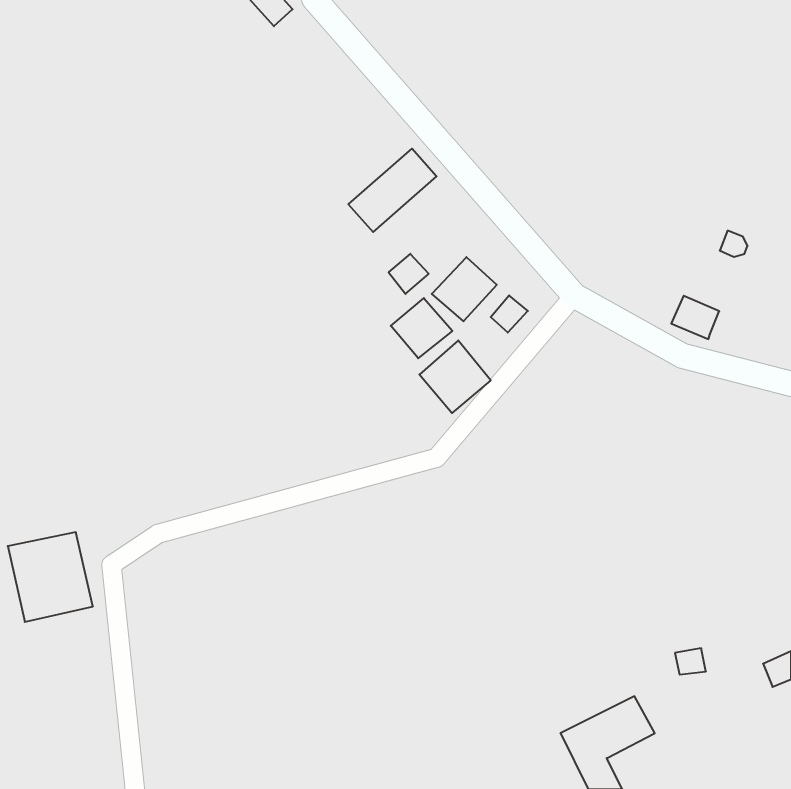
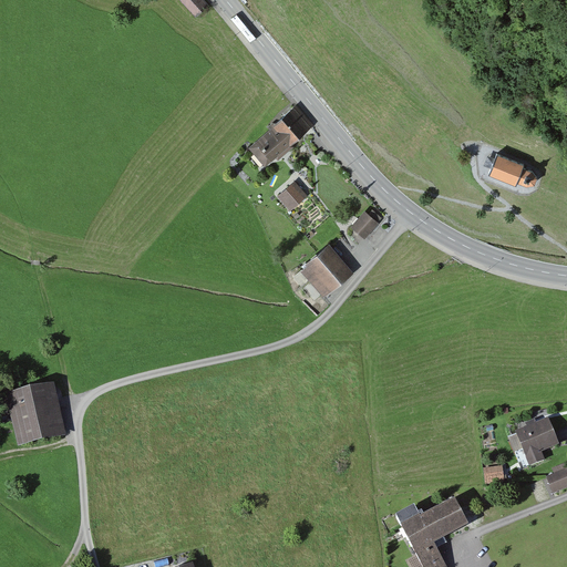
building: [432,257,497,321] -> none
building: [671,296,719,339] -> [487,152,522,183]
building: [391,298,452,358] -> none
building: none -> [516,416,559,464]

